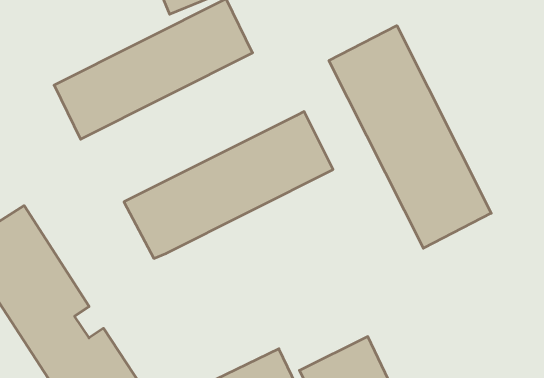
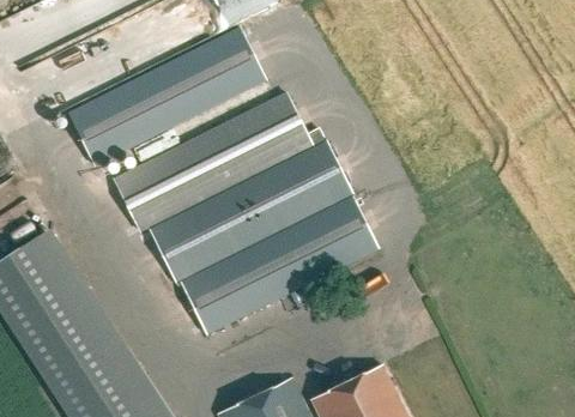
building: [329,26,491,248] -> none
building: none -> [114,91,311,229]
building: none -> [181,194,380,333]

